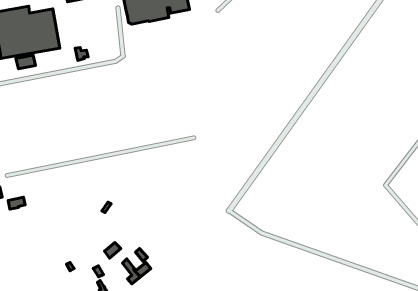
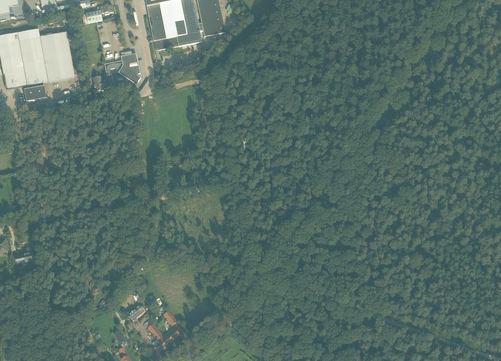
building: none -> [104,53,140,88]

